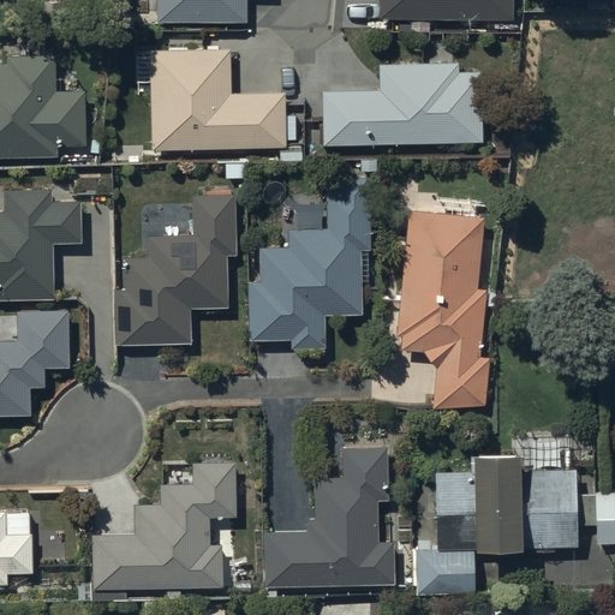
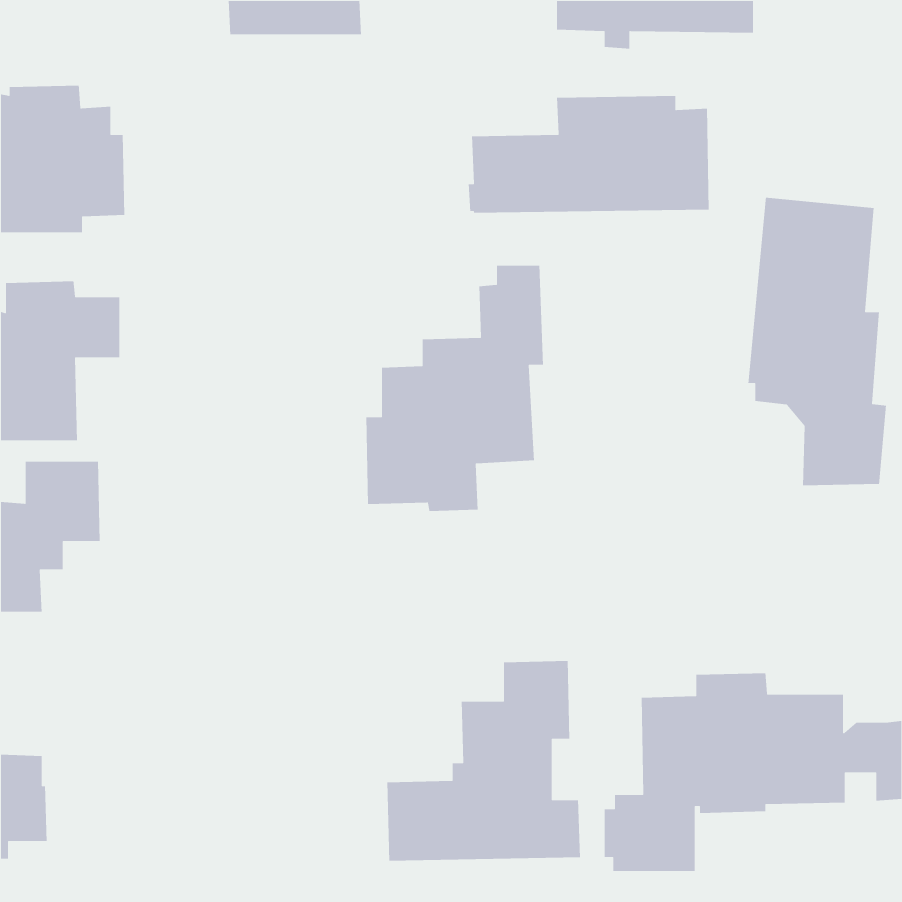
building: [136,50,301,161] -> none
building: [113,196,234,345] -> none
building: [396,211,491,408] -> [747,197,887,486]
building: [92,464,234,599] -> none

